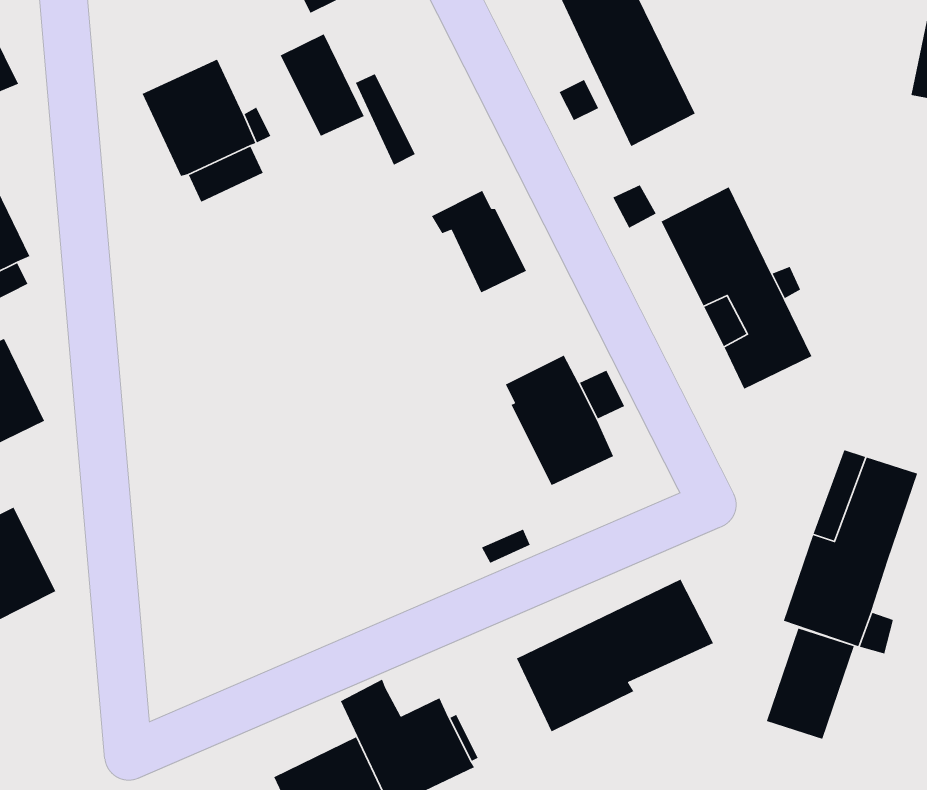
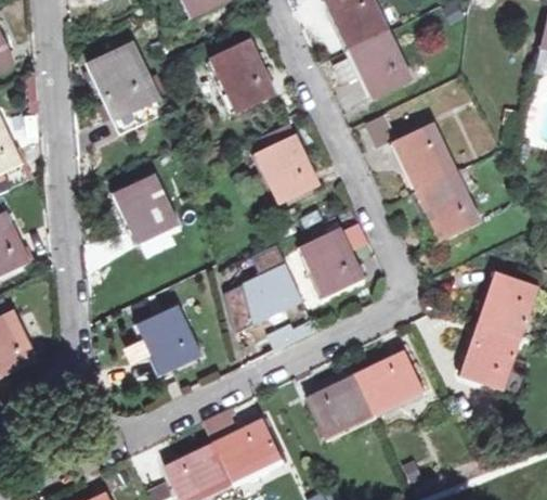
building: [280,33,365,137] -> [223,41,273,102]
building: none -> [256,146,317,202]
building: none -> [115,175,174,240]
building: none -> [223,245,301,332]
building: none -> [138,305,200,373]
building: [766,628,855,740] -> none

